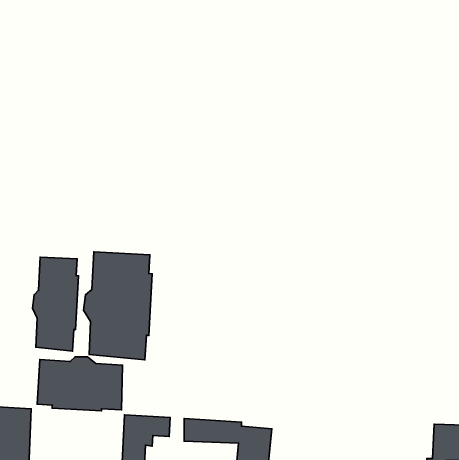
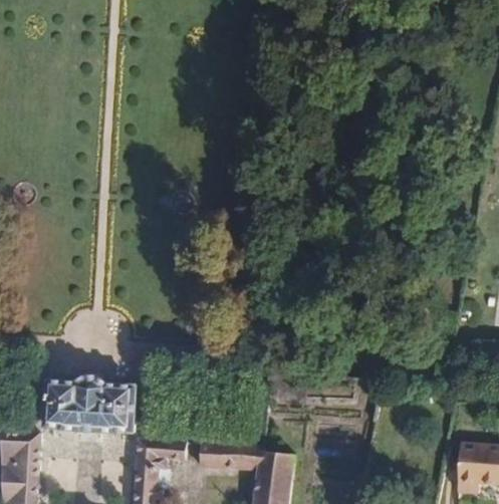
building: [84,252,152,360] -> none
building: [33,257,79,351] -> none

